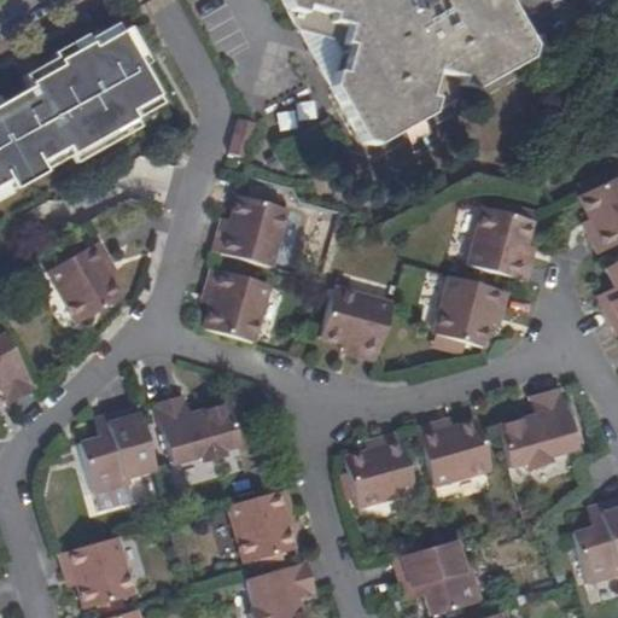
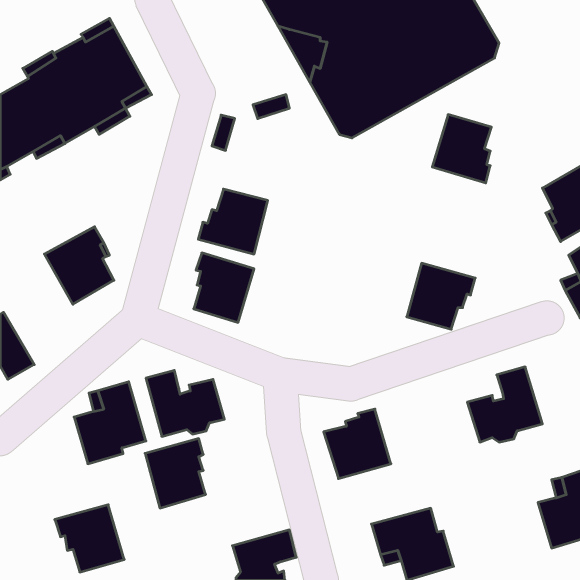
building: [466,211,529,284] -> [432,115,491,183]
building: [322,290,392,362] -> none
building: [418,421,491,486] -> none
building: [232,489,296,562] -> [145,439,206,508]

